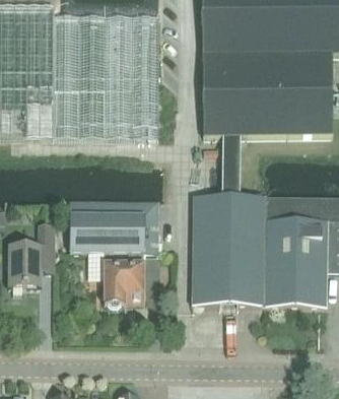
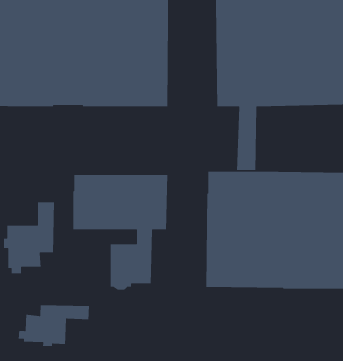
building: none -> [18,304,90,347]

